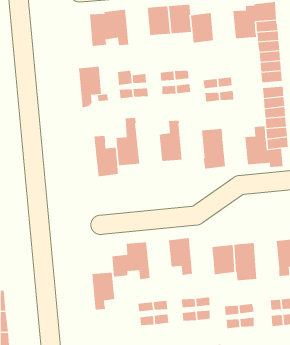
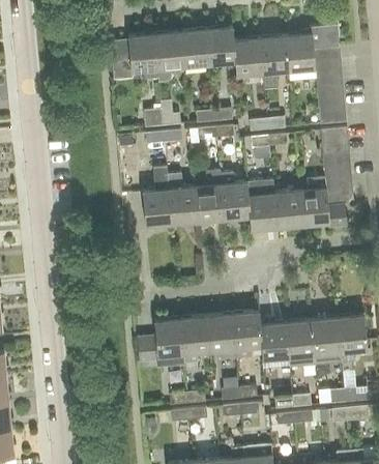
building: none -> [259,35,288,88]
building: [78,66,102,108] -> [154,31,183,82]
building: none -> [220,172,250,218]
building: [94,135,119,177] -> [167,172,198,223]
building: none -> [273,190,302,226]
building: none -> [232,311,261,357]
building: none -> [312,317,341,364]
building: [91,272,115,310] -> [180,316,209,363]

